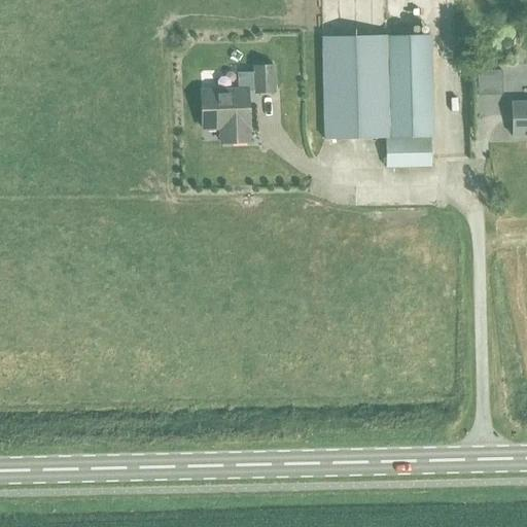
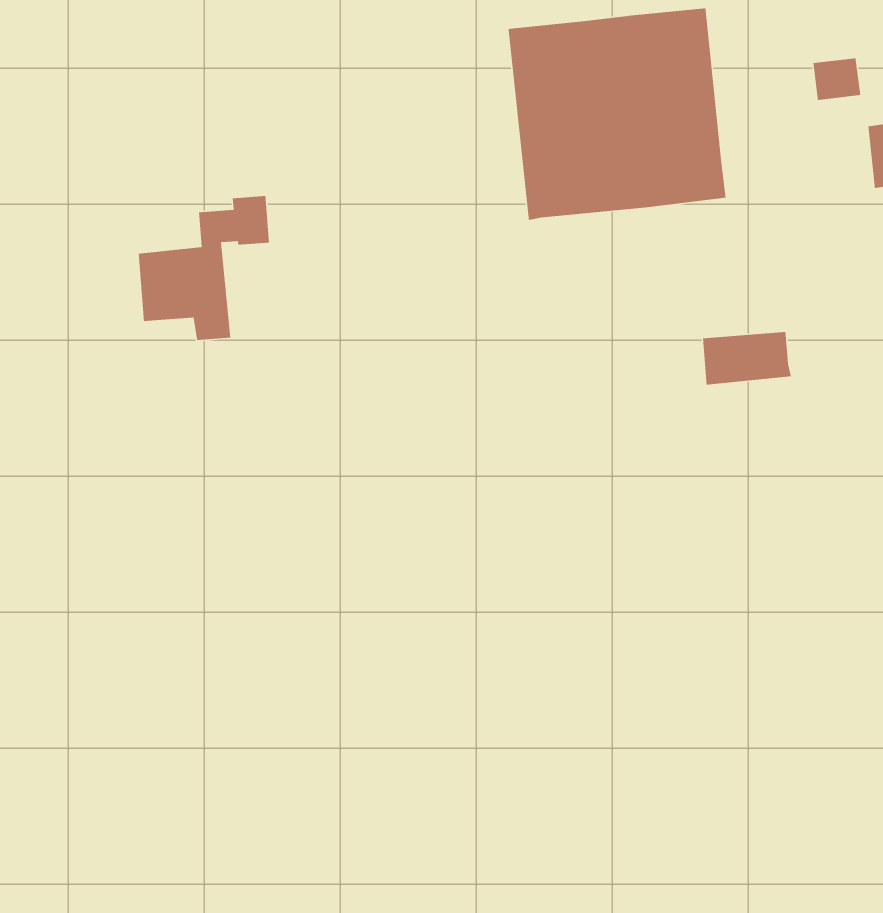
building: [203,66,274,141] -> [138,195,270,341]
building: [387,141,433,167] -> [702,331,792,386]

